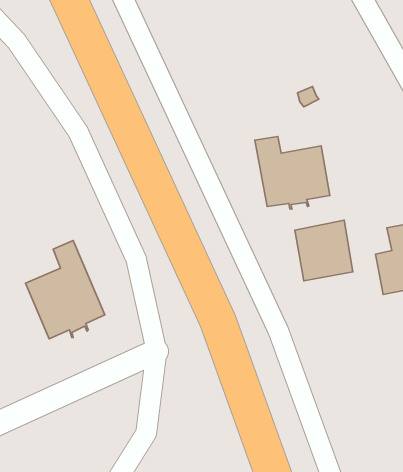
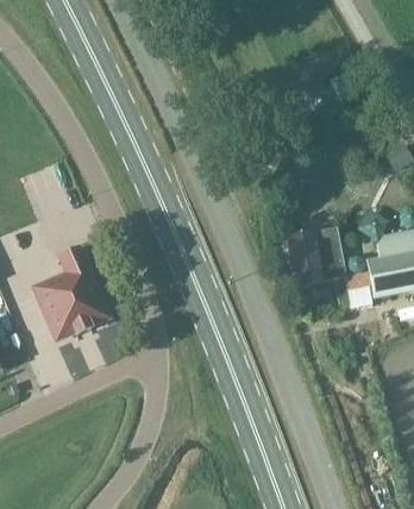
building: [255,136,330,209] -> none

